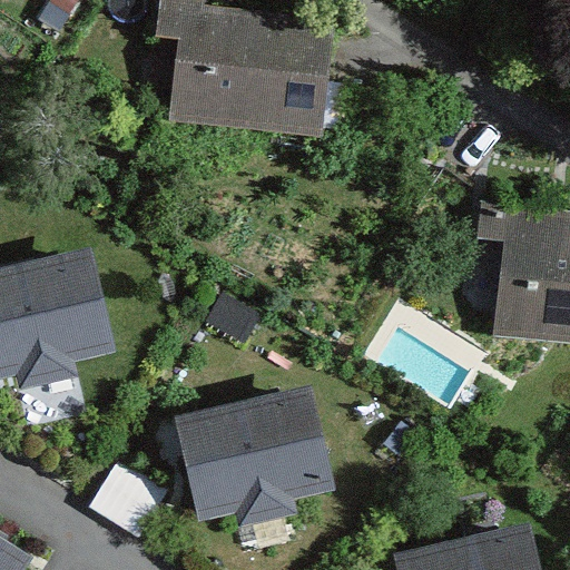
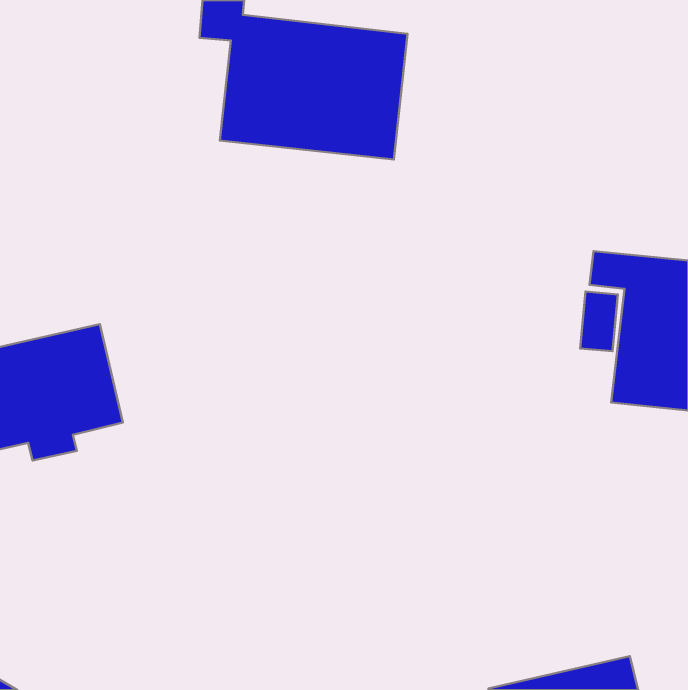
building: [184,404,320,517] -> none

